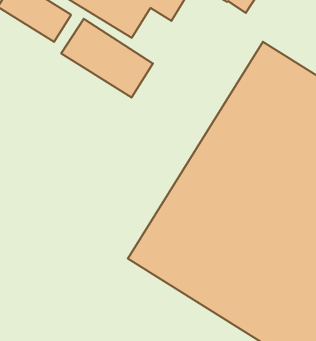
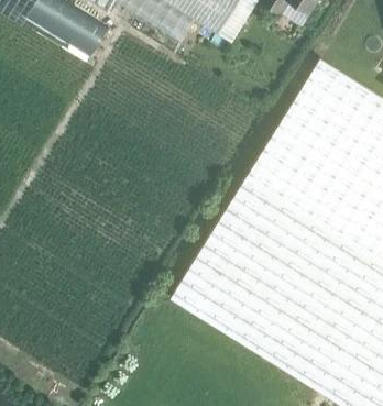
building: [61,19,153,98] -> none

